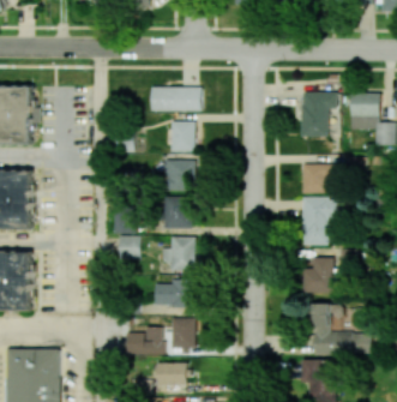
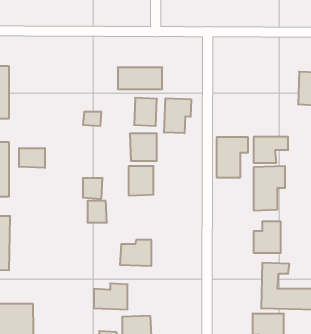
building: [301,92,336,137] -> [217,137,248,177]
building: none -> [164,98,191,133]
building: none -> [19,148,45,168]
building: [161,236,194,271] -> none
building: [169,318,194,348] -> none

